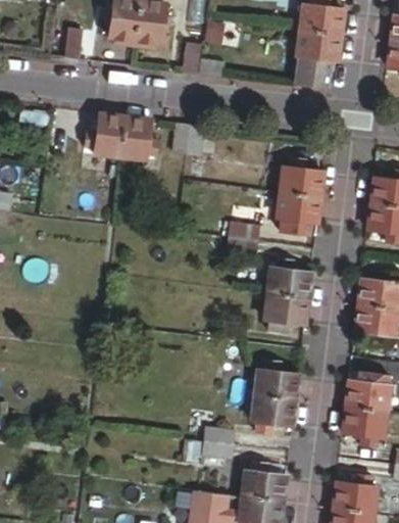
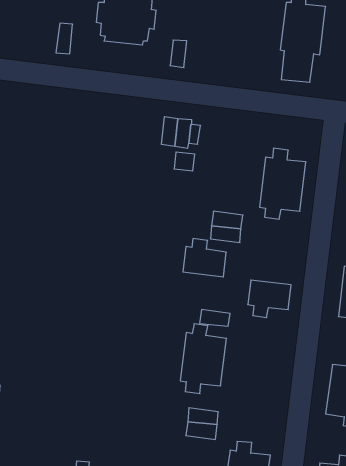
building: [85,114,159,159] -> none
building: [266,258,311,298] -> [183,239,226,277]
building: [251,360,299,432] -> [180,324,227,394]

